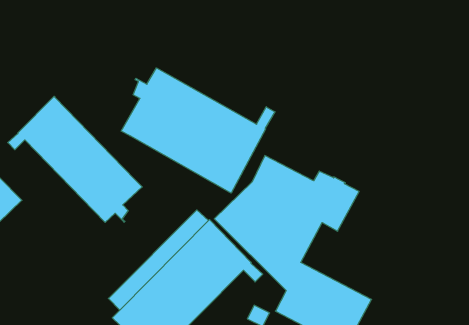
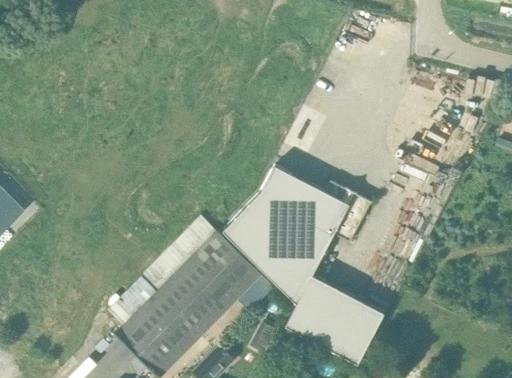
building: [121,68,275,193] -> none
building: [8,96,142,222] -> none

